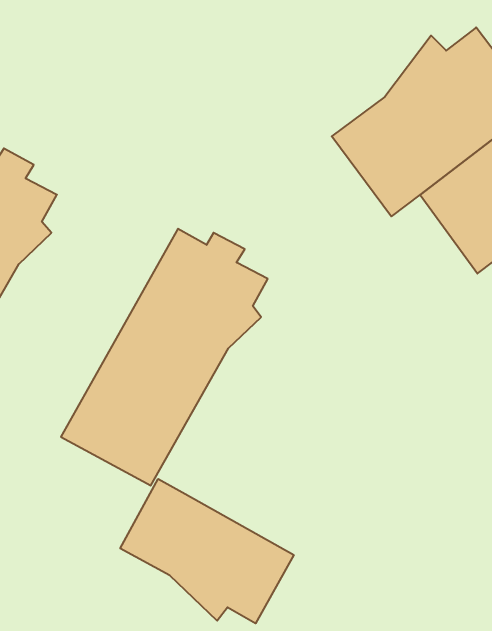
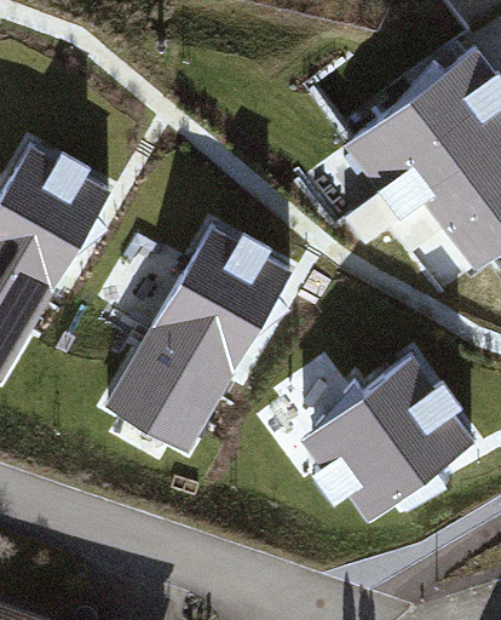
building: none -> [305,358,474,515]
building: [120,479,294,623] -> none

